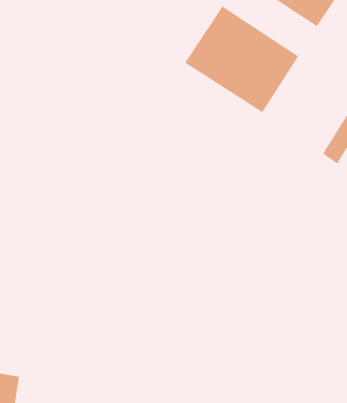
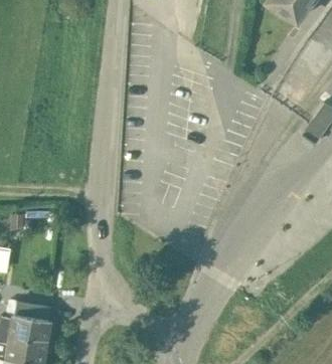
building: [184,5,299,113] -> none

